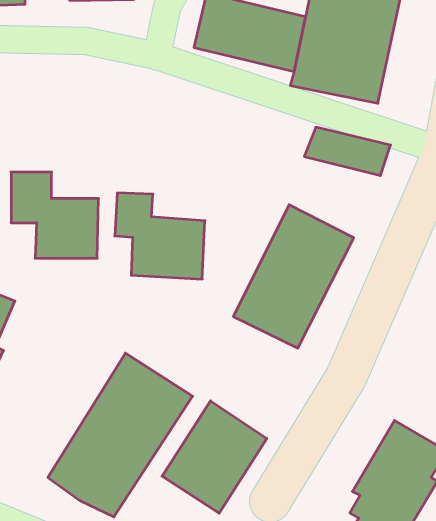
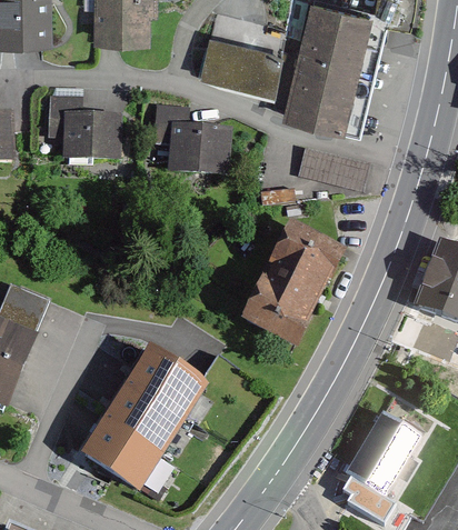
building: [11,172,99,258] -> [40,91,117,167]
building: [115,193,205,279] -> [151,102,230,178]
building: [162,401,267,513] -> none

